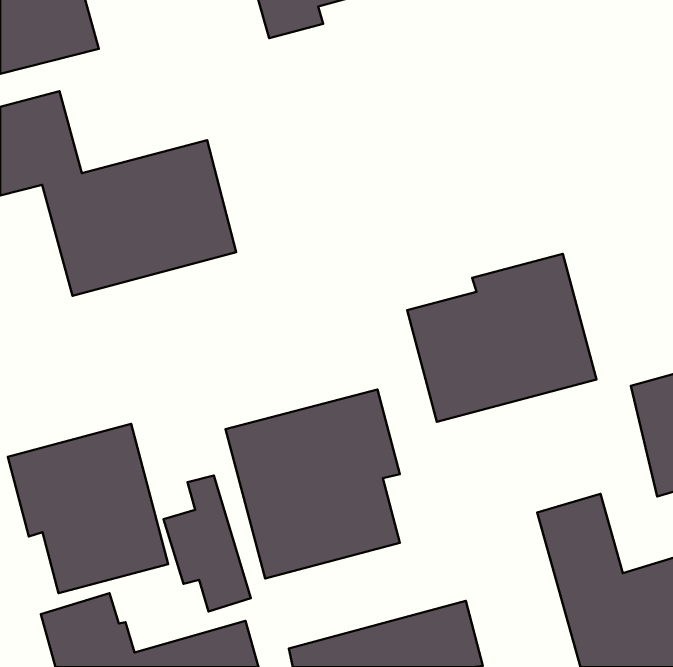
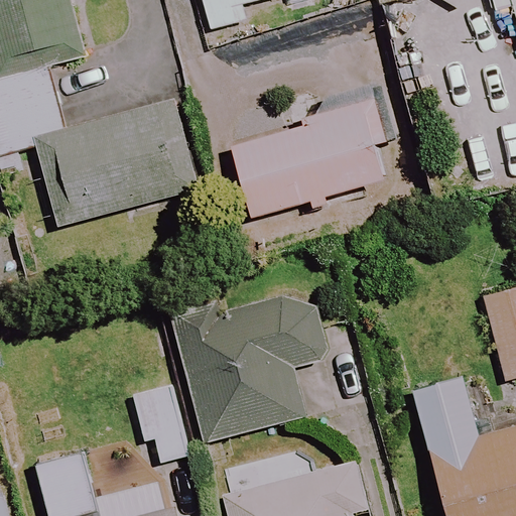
building: none -> [230,101,385,221]
building: [407,254,597,422] -> none
building: [8,424,168,593] -> none

